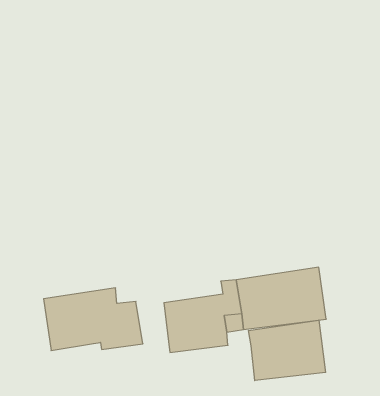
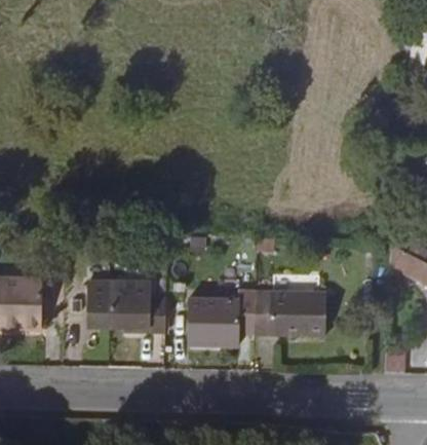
building: [248,320,326,381] -> none

